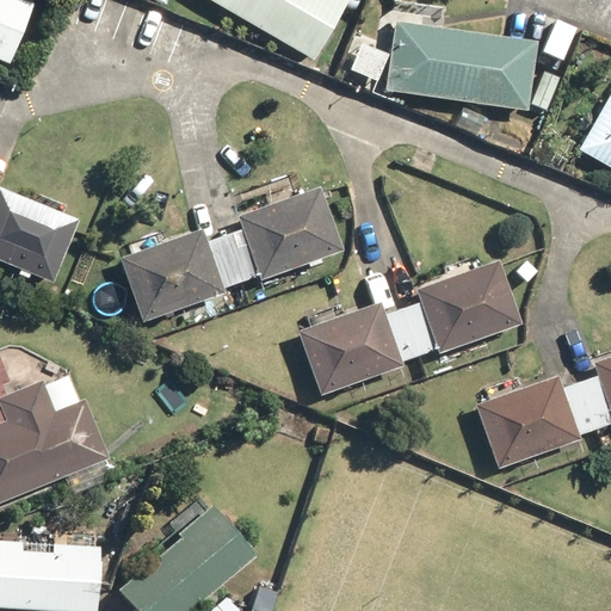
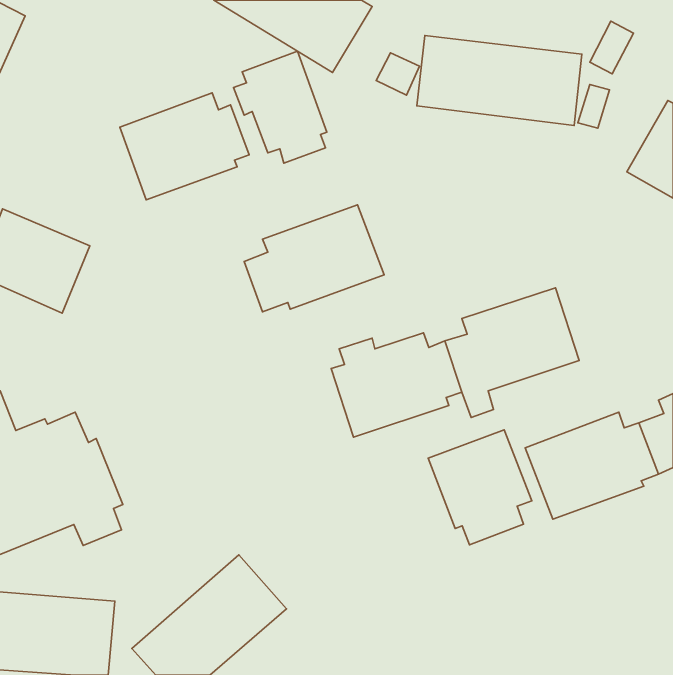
building: none -> [234,51,327,163]
building: [121,226,237,322] -> [120,93,249,200]
building: none -> [428,430,532,545]

